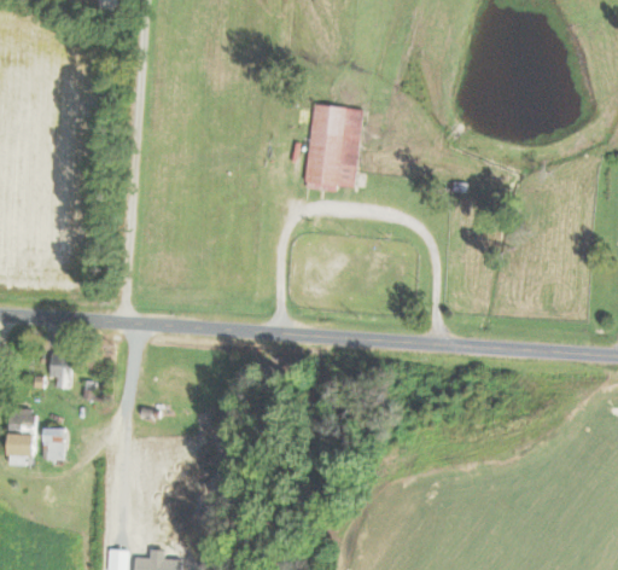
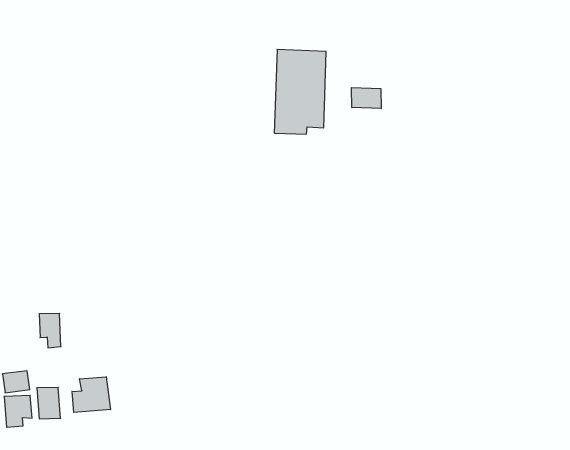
building: none -> [352,88,381,109]
building: none -> [72,377,110,412]

